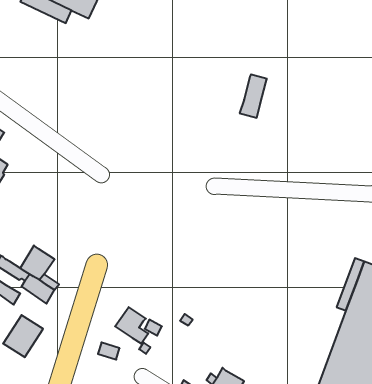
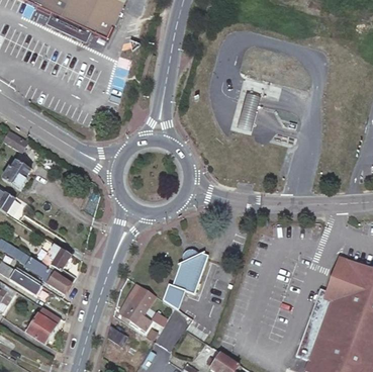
building: none -> [162,246,209,307]

